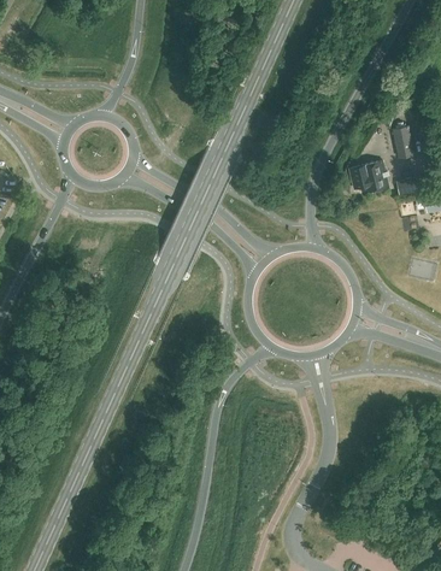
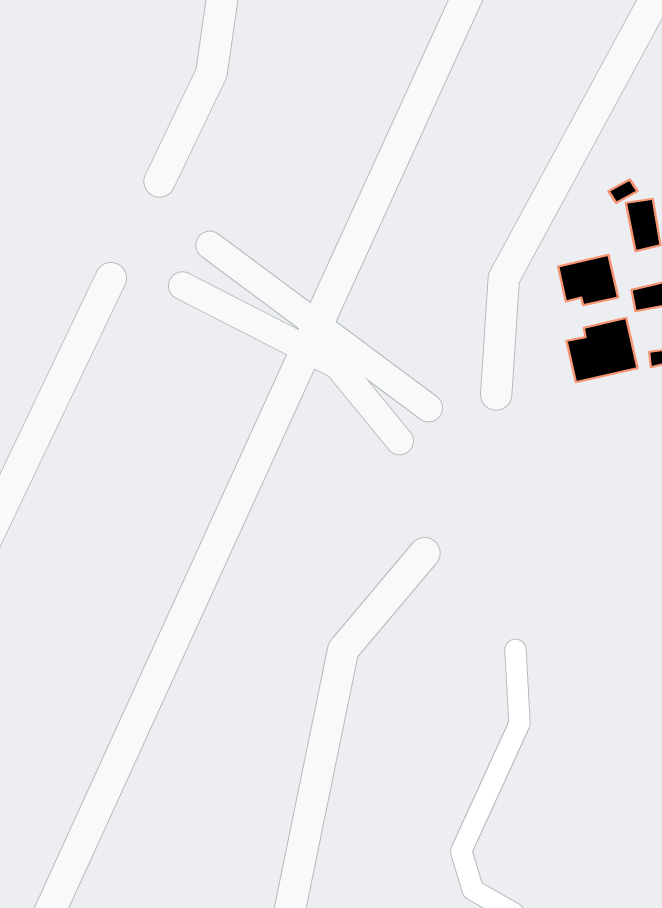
building: none -> [566,318,638,382]

